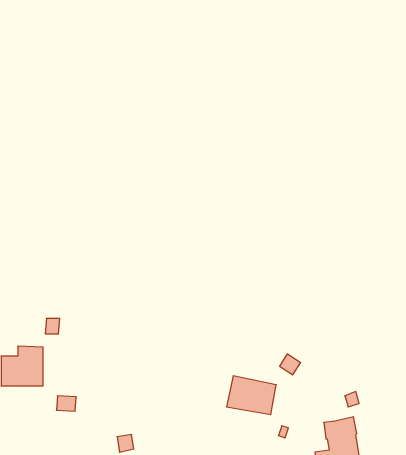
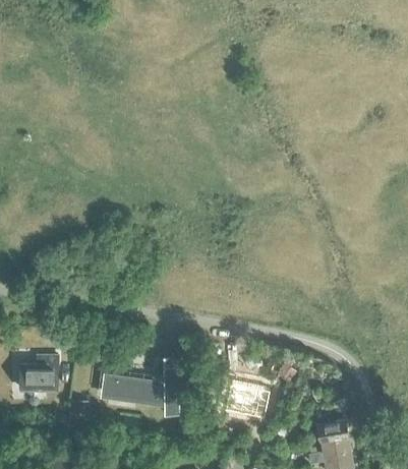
building: none -> [103,359,178,417]

